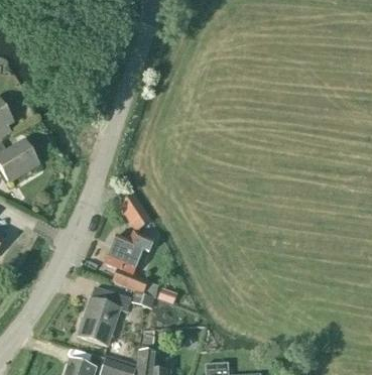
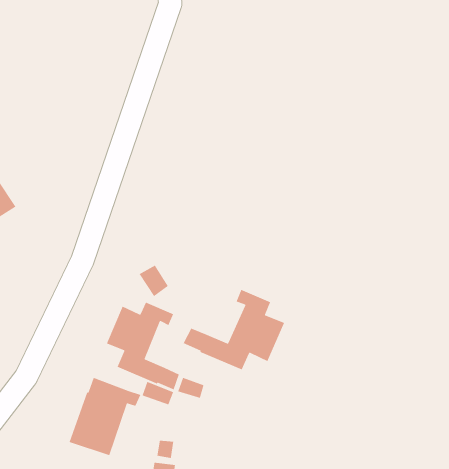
building: none -> [182,289,285,371]

